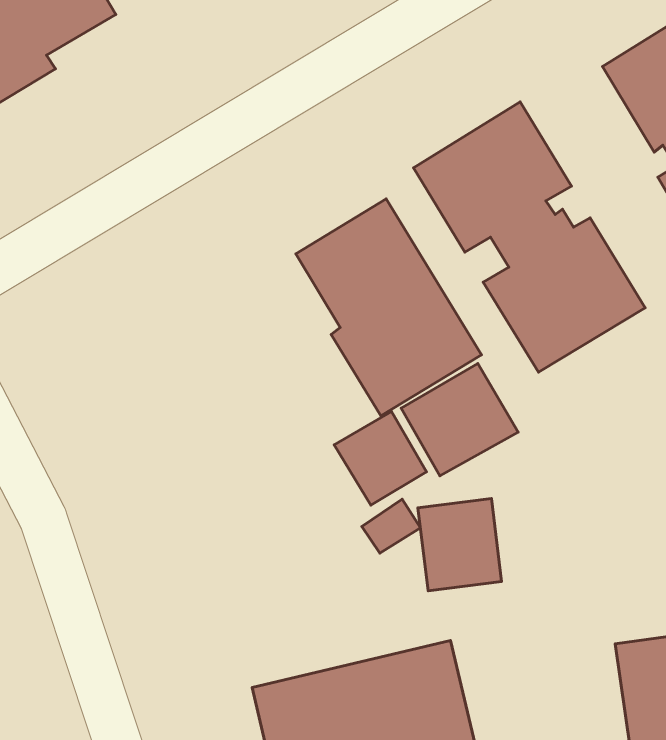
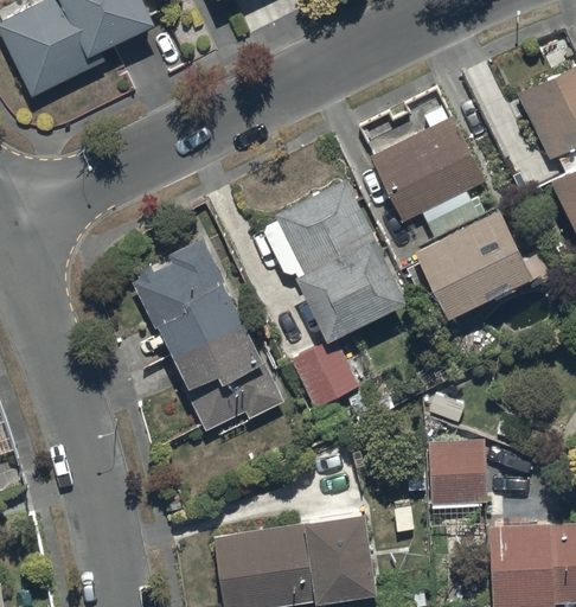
building: none -> [132,238,284,432]
building: [401,363,518,476] -> none
building: [418,499,502,591] -> [429,441,487,506]

